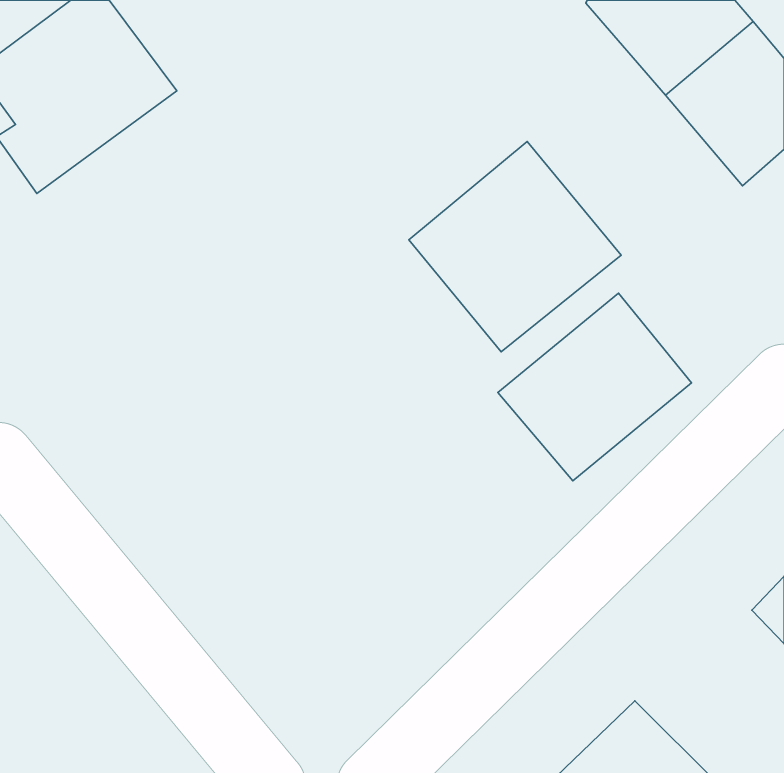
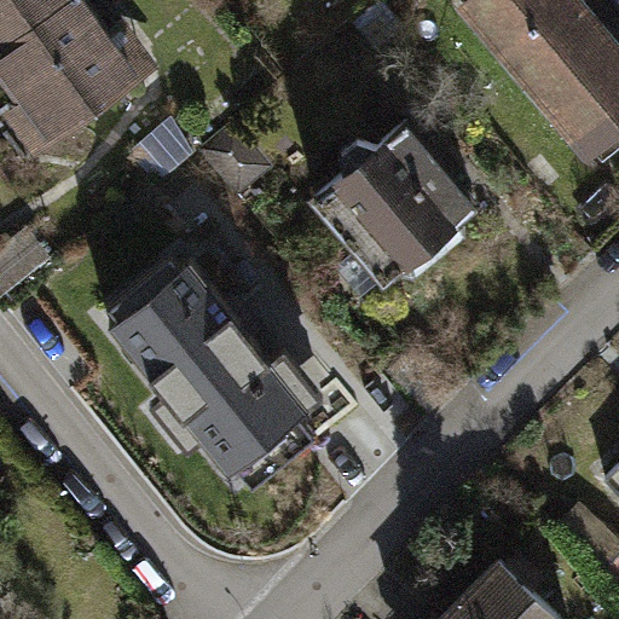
building: none -> [92,231,323,474]
building: [498,293,692,481] -> none

